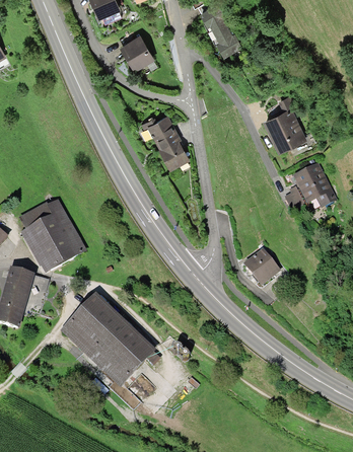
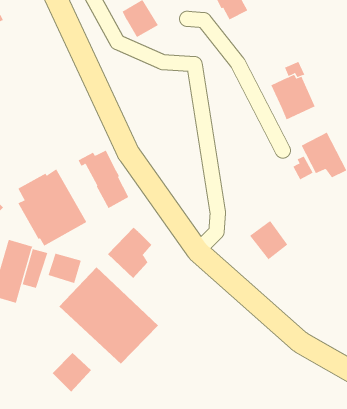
building: [140,114,190,170] -> [78,150,129,209]
building: none -> [107,227,152,279]
building: none -> [48,253,82,284]
building: none -> [52,352,92,392]

